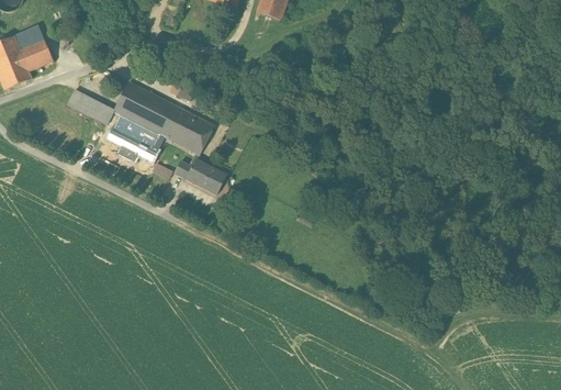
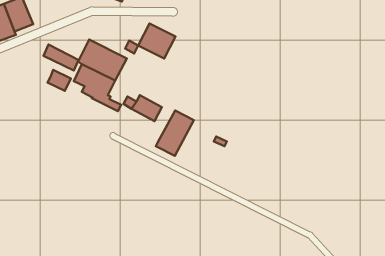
building: [165,108,215,155] -> [138,23,176,58]
building: none -> [48,70,71,91]
building: none -> [156,111,194,156]

